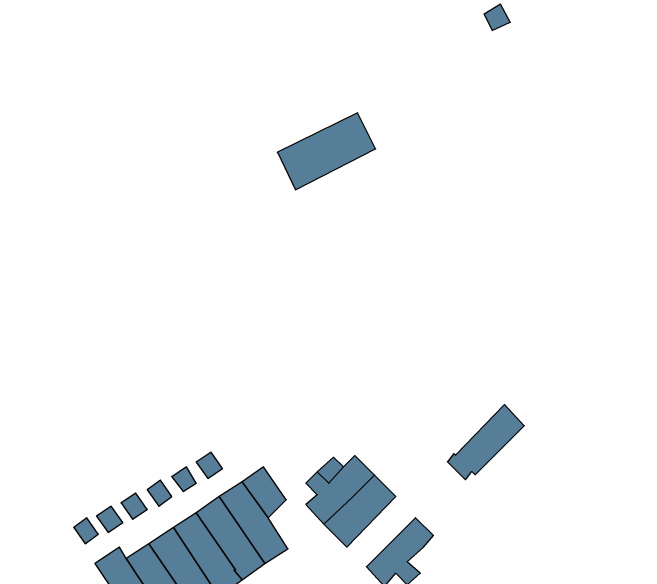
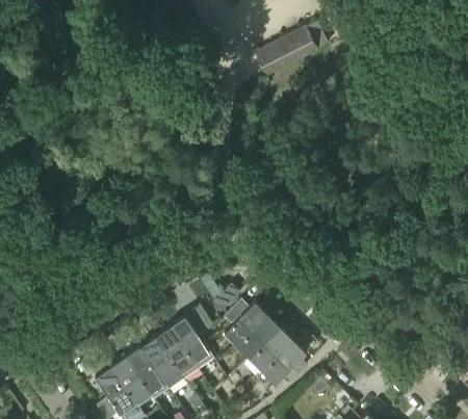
building: [277,113,376,190] -> [256,31,318,80]
building: [447,405,524,480] -> [245,329,294,376]

